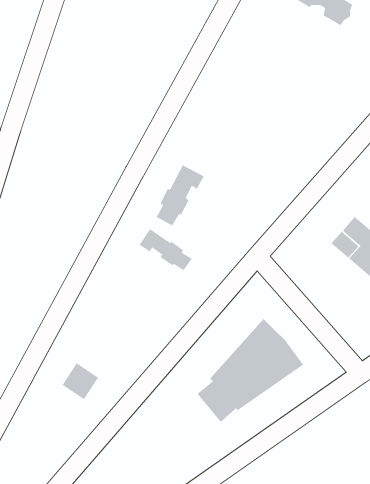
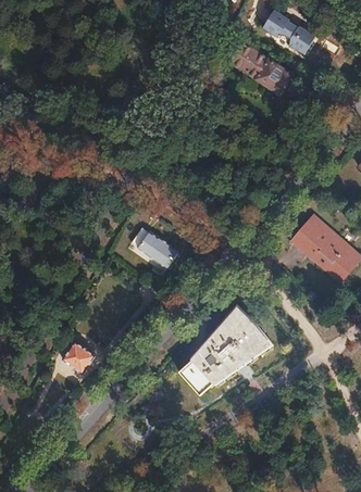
building: none -> [232,45,294,96]
building: [155,164,205,226] -> none

